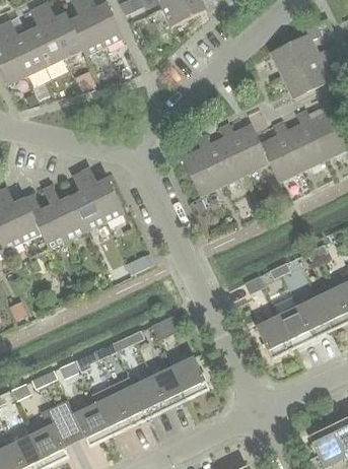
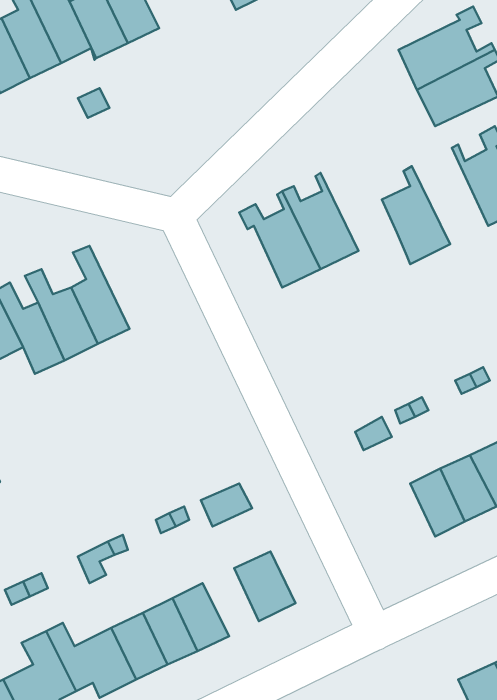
building: [279,110,326,169] -> none
building: [223,122,270,173] -> none
building: [82,165,125,220] -> none
building: [255,315,293,358] -> none
building: [151,366,186,408] -> none

